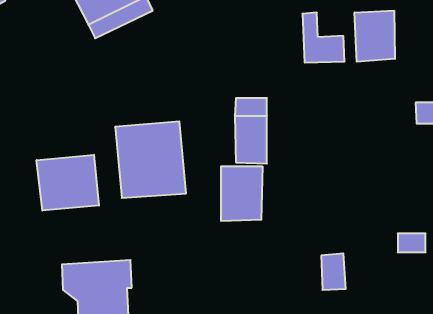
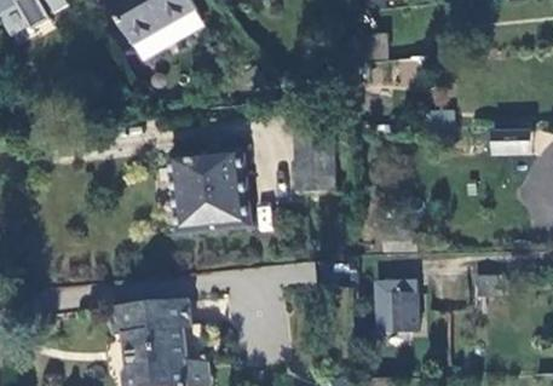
building: [355,11,395,62] -> none
building: [37,155,99,211] -> none
building: [221,166,262,221] -> none

